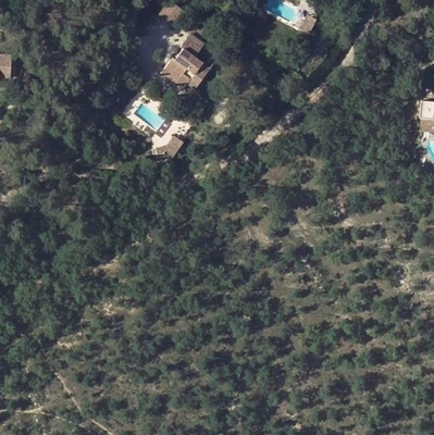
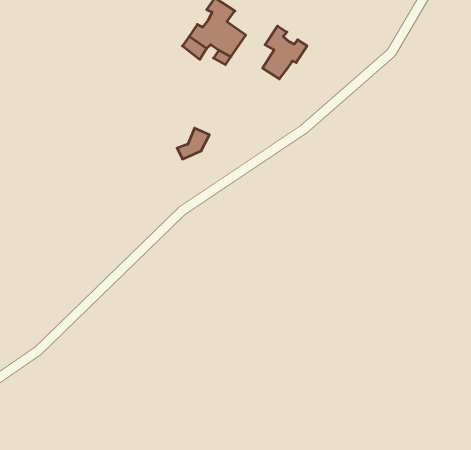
building: none -> [263,26,307,79]

